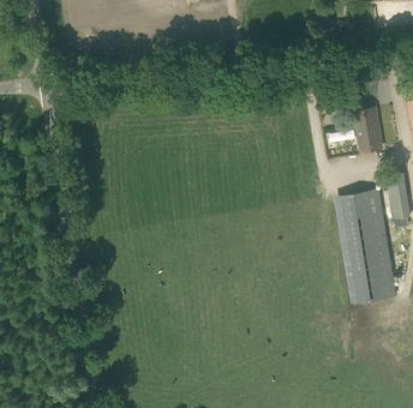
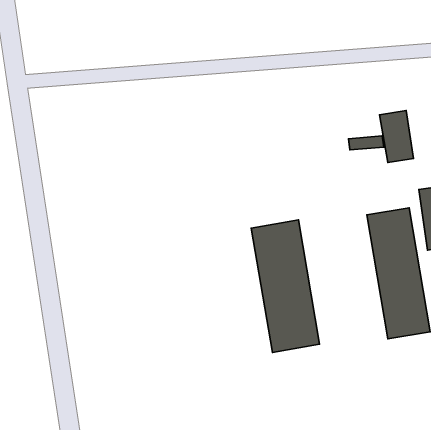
building: none -> [251,220,320,352]

